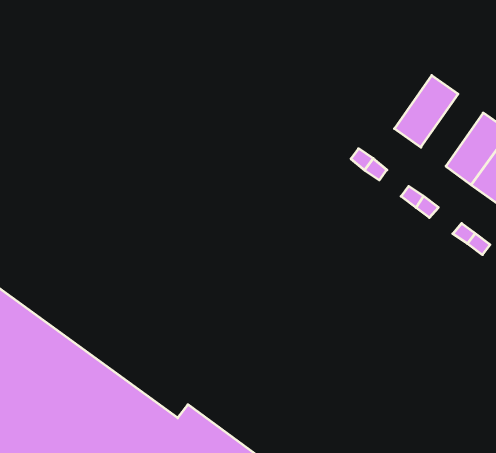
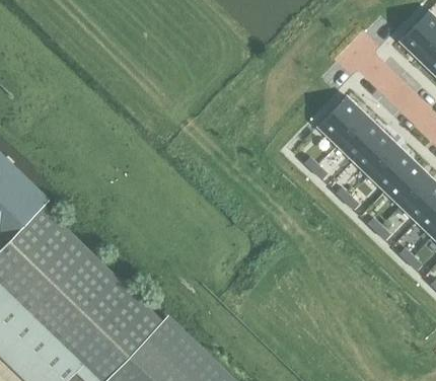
building: none -> [315,94,366,146]
building: none -> [352,129,397,176]

